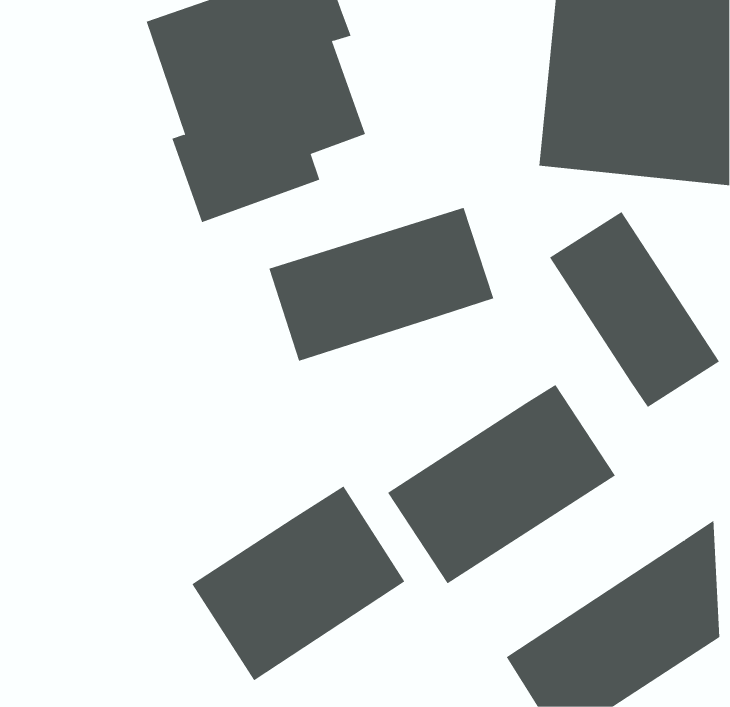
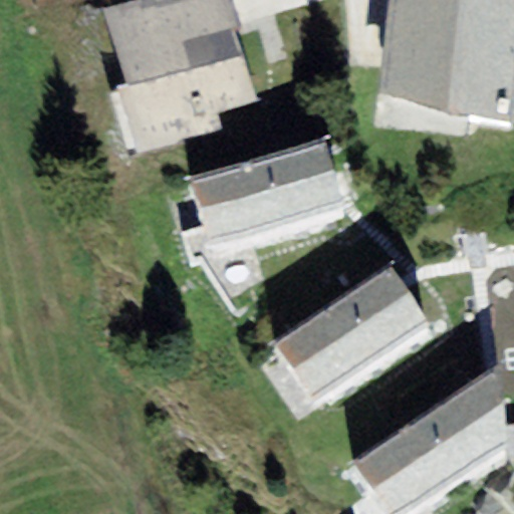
building: [549,211,720,408] -> none
building: [191,486,405,681] -> none

